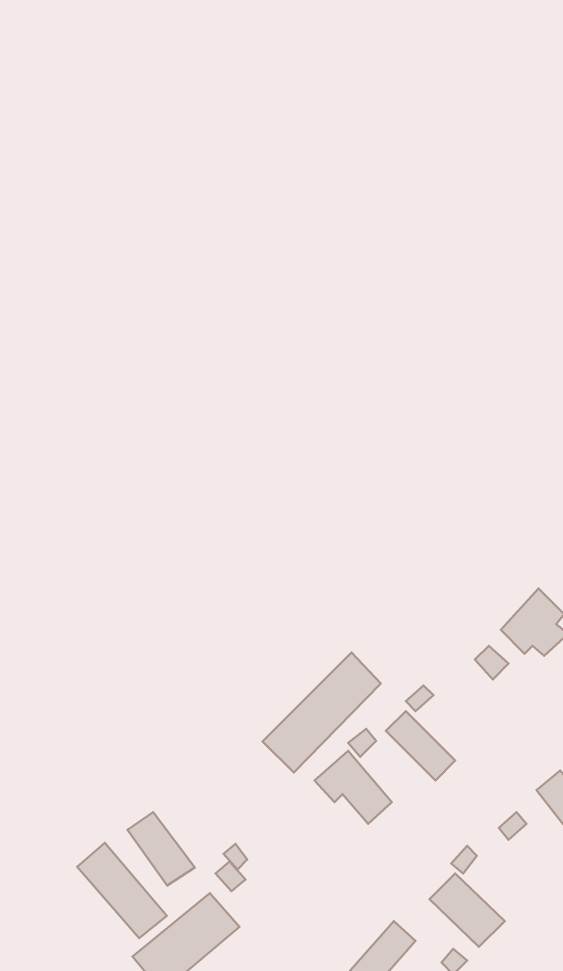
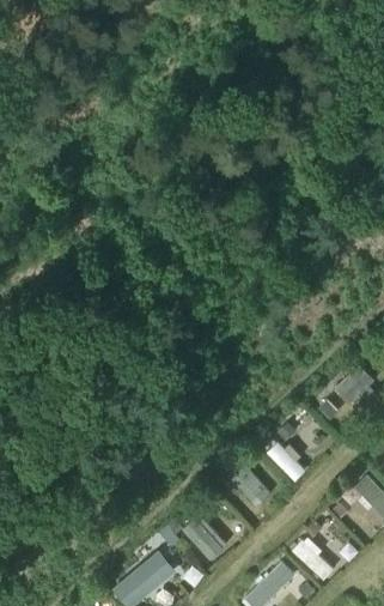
building: [262,653,381,772] -> none
building: [128,812,195,885] -> [184,514,225,558]
building: [77,843,167,938] -> none

